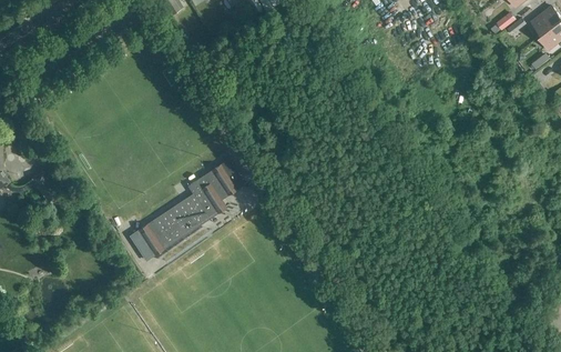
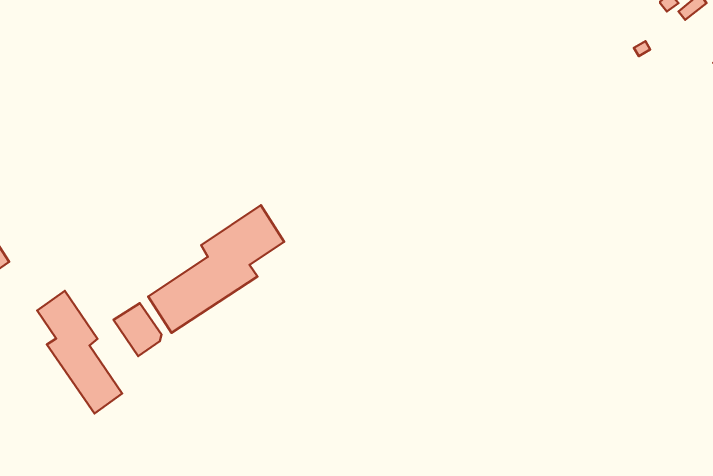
building: none -> [37,291,122,413]

